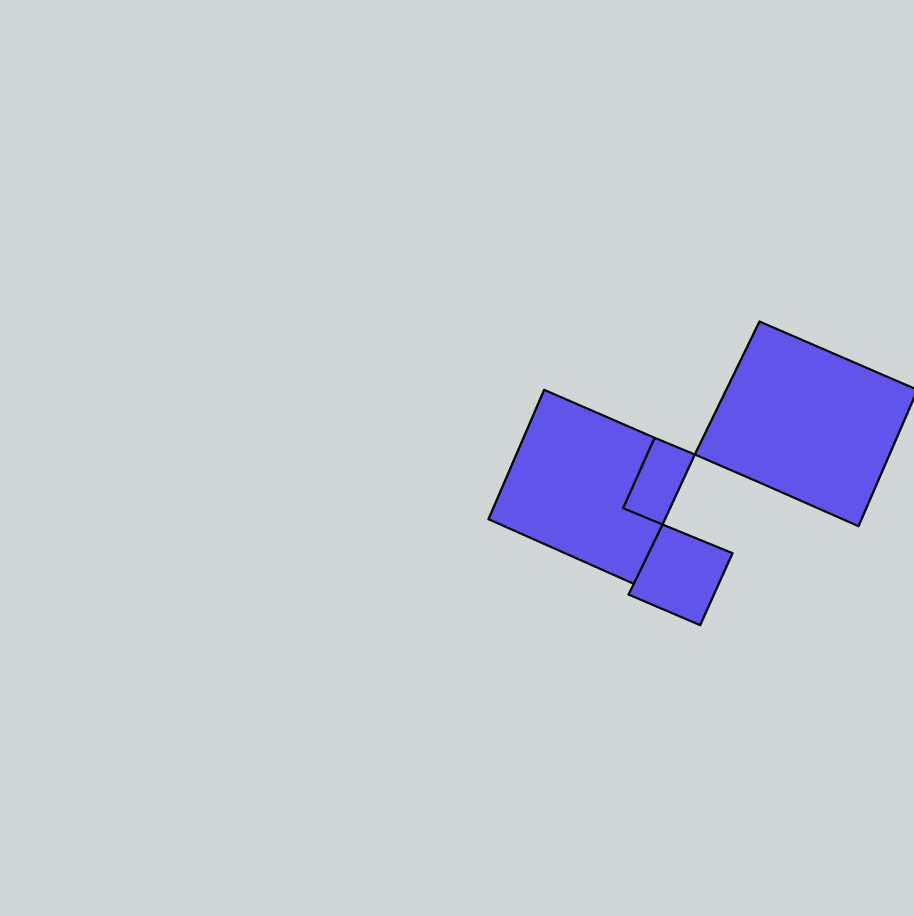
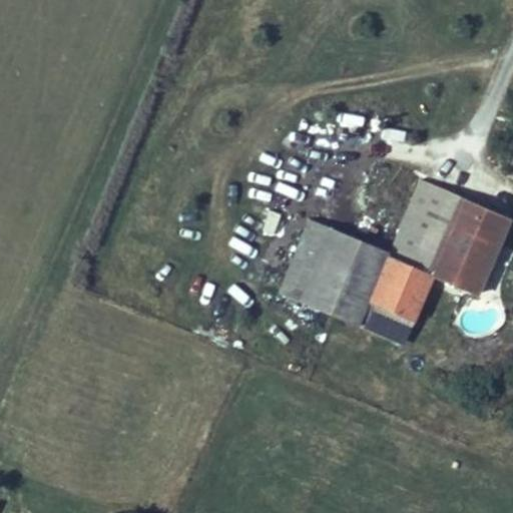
building: none -> [372,254,429,310]

